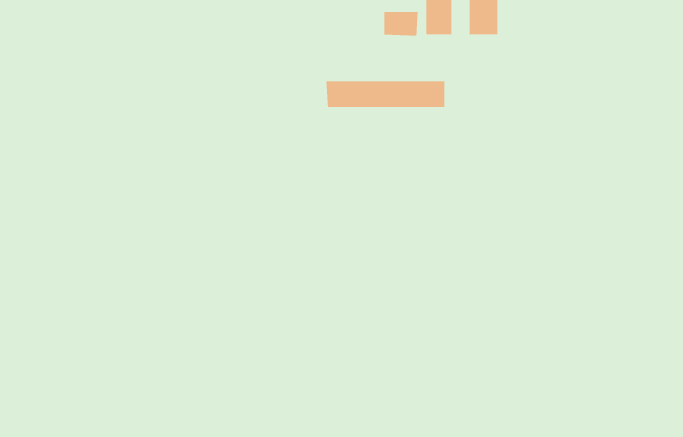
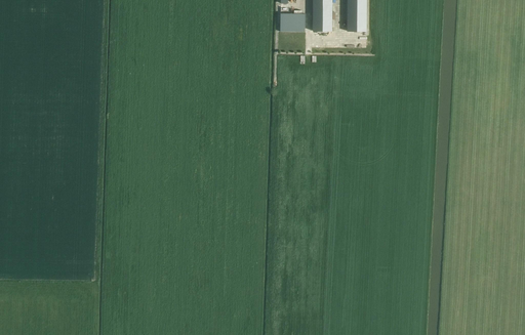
building: [325,81,445,108] -> none

